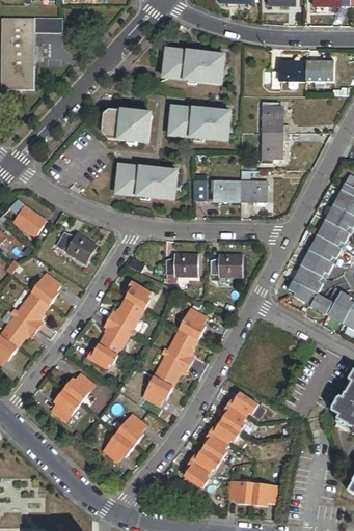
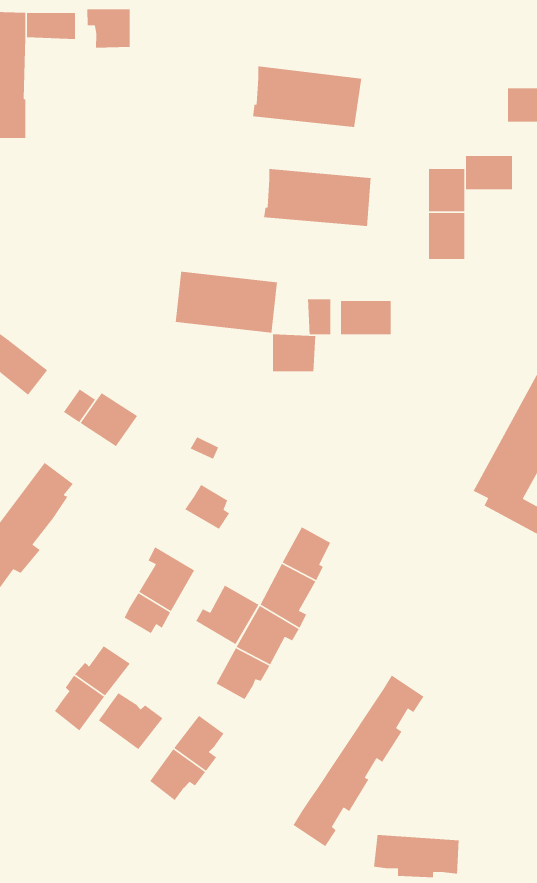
building: none -> [87,9,130,49]
building: [279,59,306,79] -> [465,155,513,190]
building: [106,108,151,140] -> none
building: [241,179,267,199] -> none
building: [172,252,197,274] -> [272,334,316,372]
building: [217,253,241,274] -> none
building: [107,298,143,332] -> [195,584,260,645]
building: none -> [98,692,163,750]

